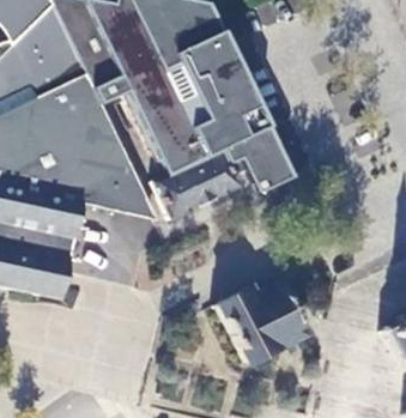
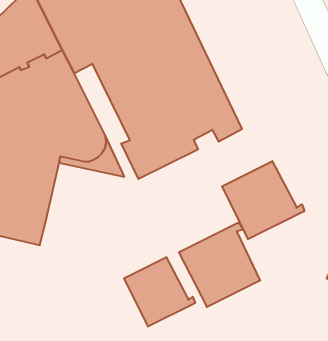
building: none -> [222,161,304,239]
building: none -> [124,257,195,327]

